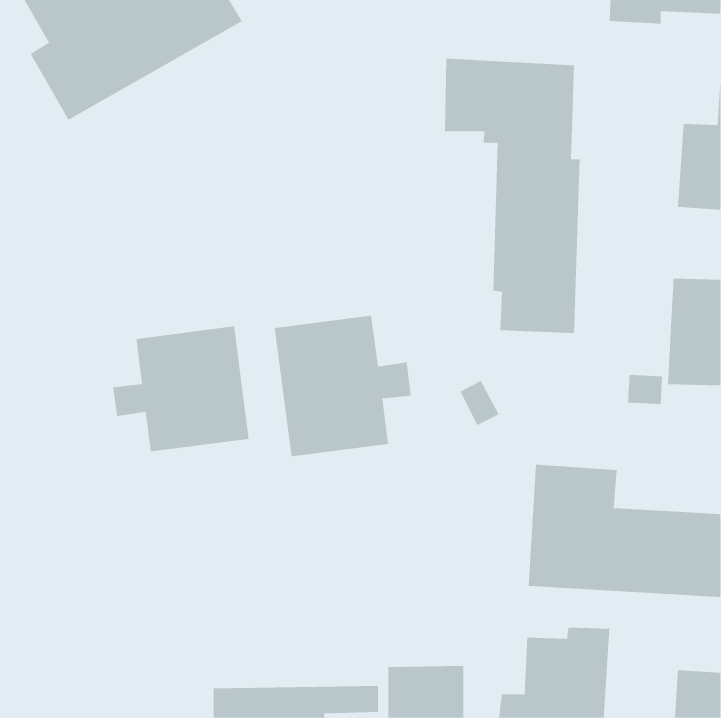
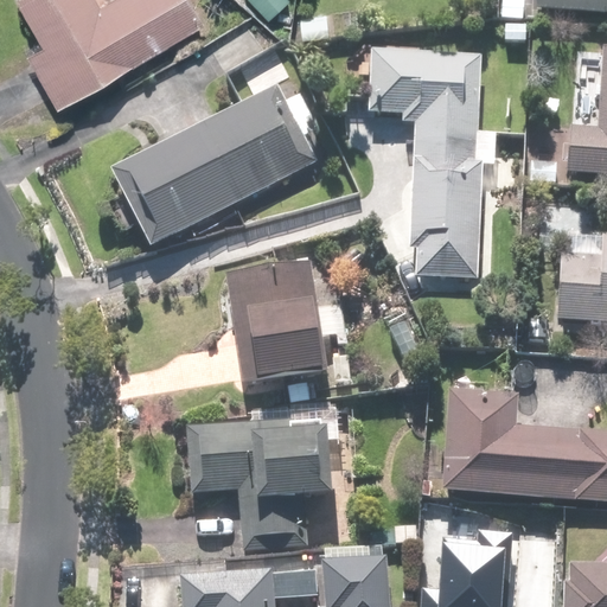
building: none -> [114,83,315,247]
building: [113,326,249,452] -> none
building: none -> [189,423,338,547]

